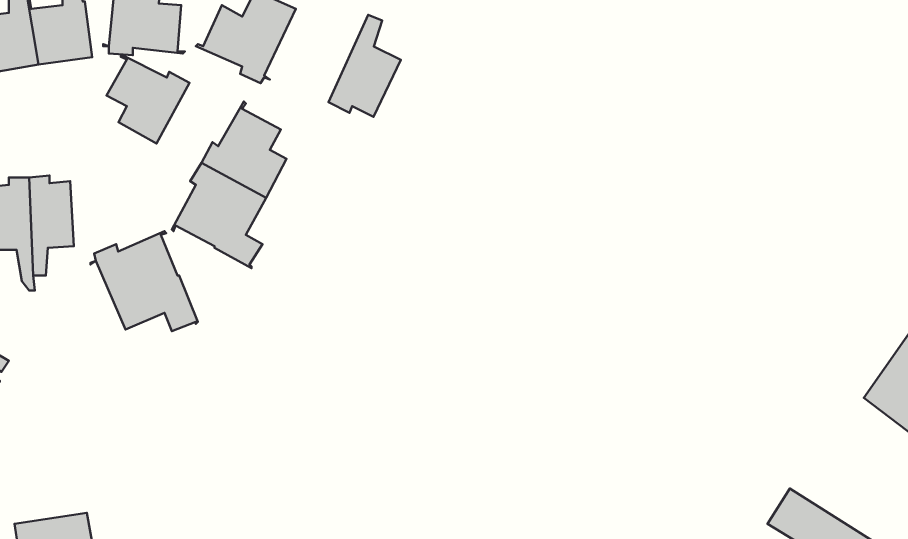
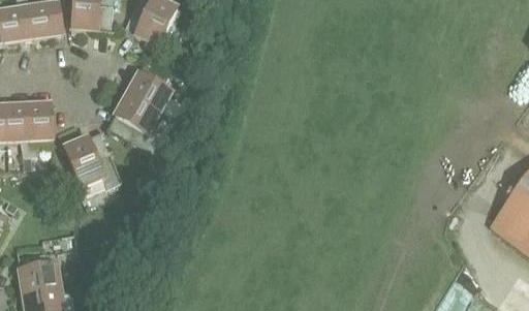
building: [328,15,401,117] -> none
building: [107,54,190,143] -> none
building: none -> [17,252,59,293]

